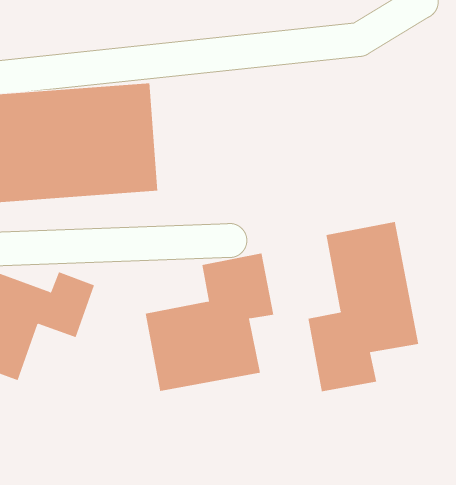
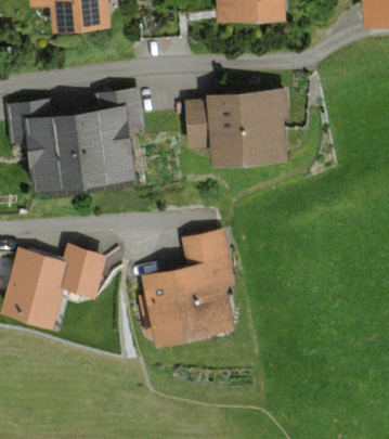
building: none -> [200,96,294,164]
building: [308,221,419,392] -> none

